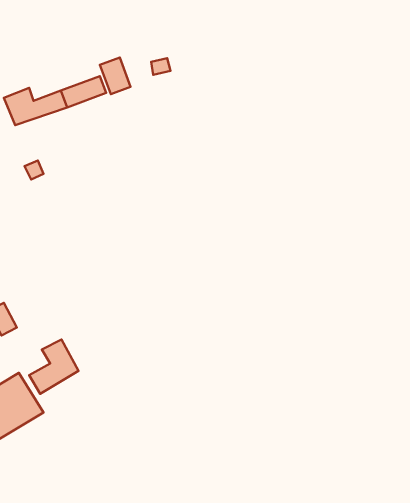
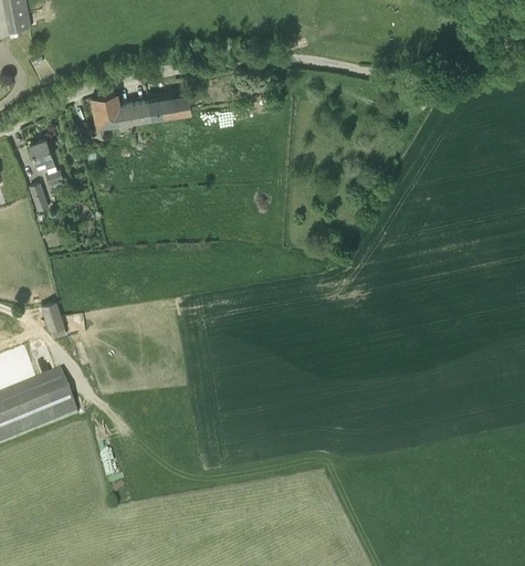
building: [100,58,131,94] -> none
building: [29,340,78,394] -> none

